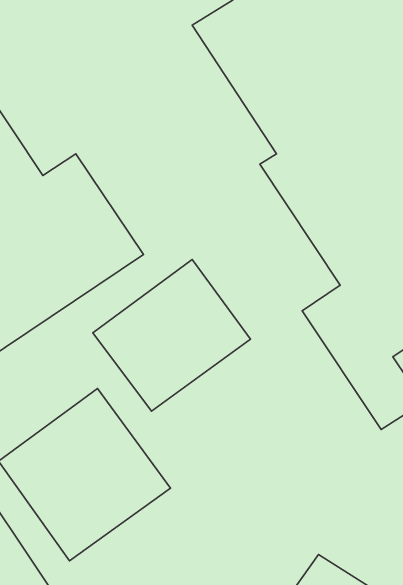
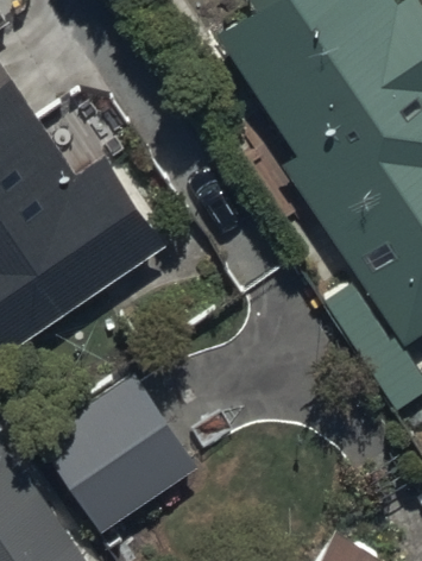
building: [93,259,251,411] -> none

